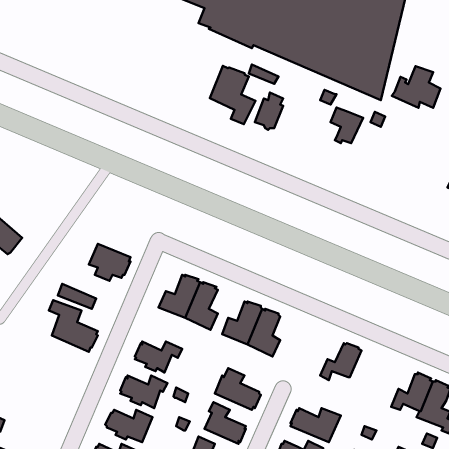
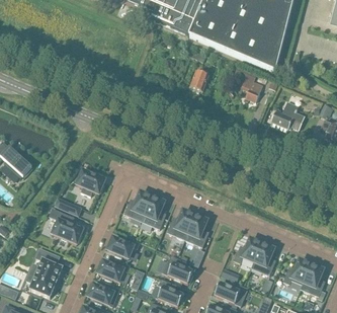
building: [210,66,256,124] -> none
building: [392,66,441,108] -> [270,101,304,130]
building: none -> [251,243,273,276]
building: none -> [26,248,62,297]

